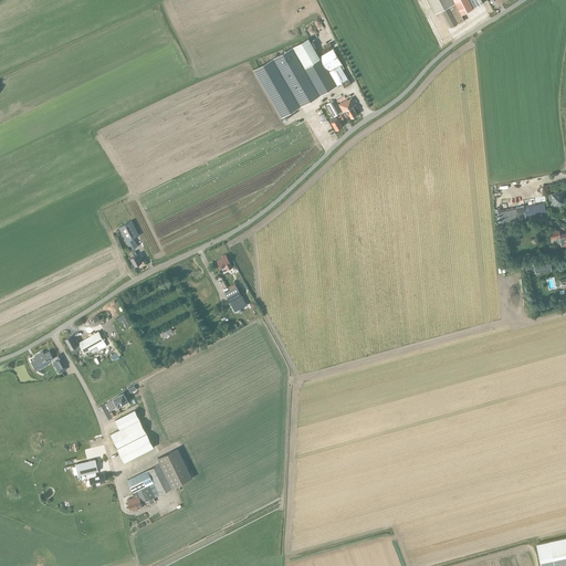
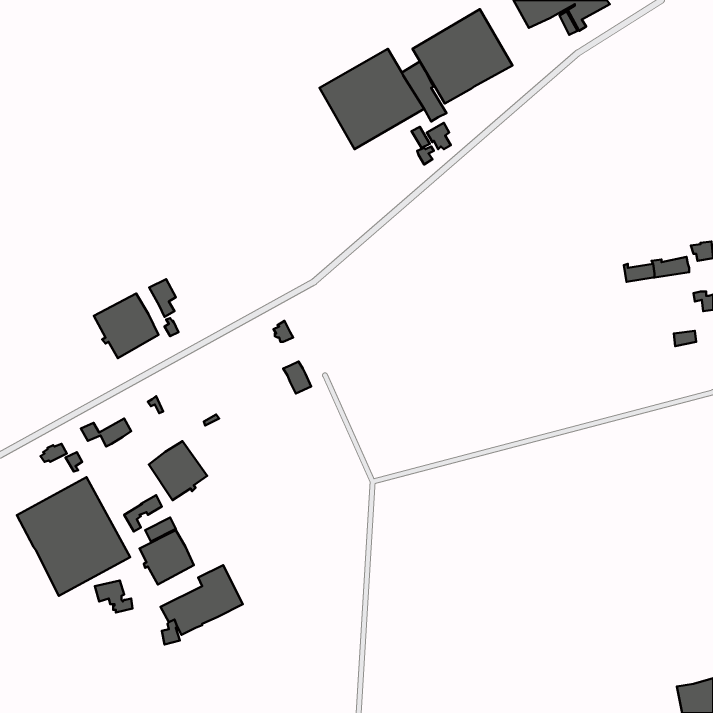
building: none -> [413,9,513,104]
building: none -> [94,294,159,358]
building: none -> [149,441,207,500]
building: none -> [17,477,130,596]

